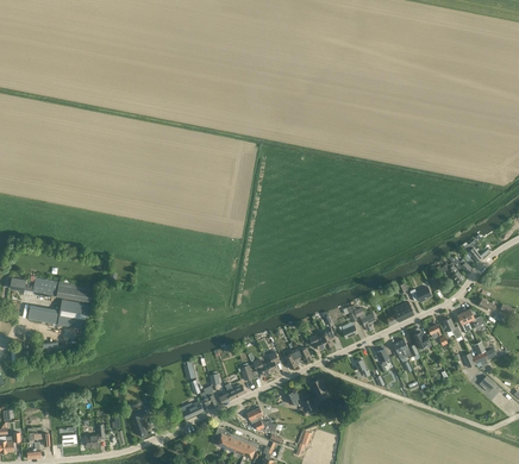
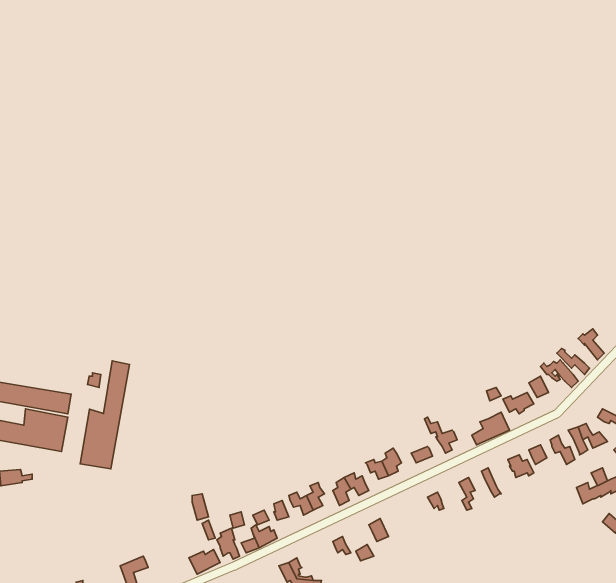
building: none -> [80,361,130,469]

